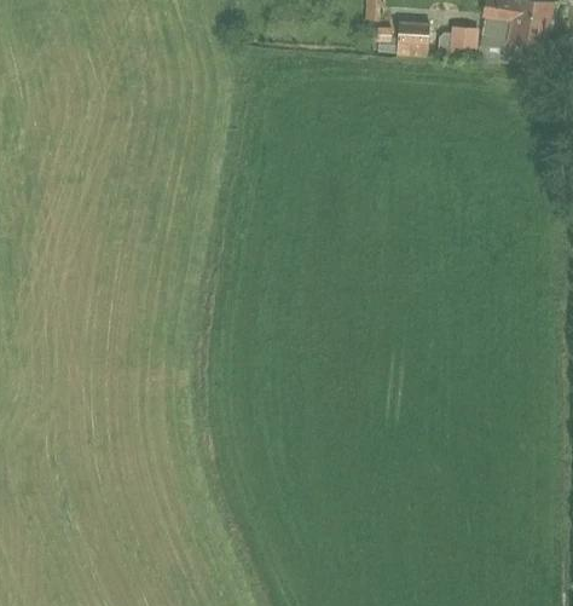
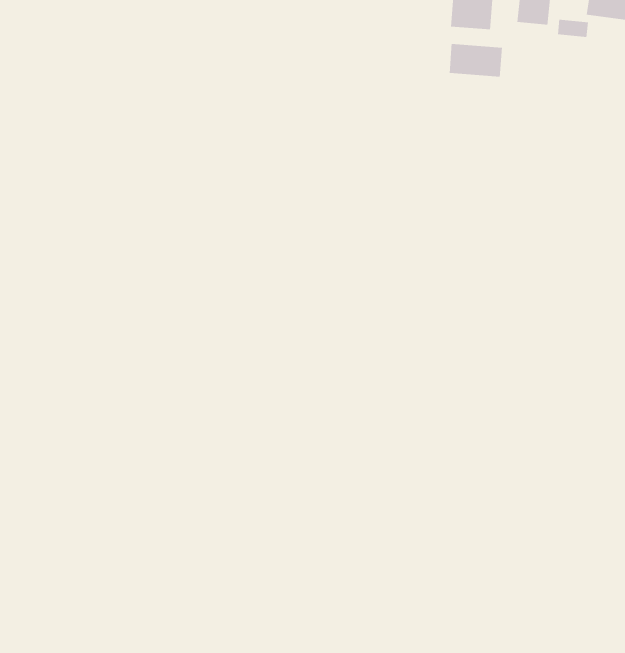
building: none -> [449,43,502,77]

